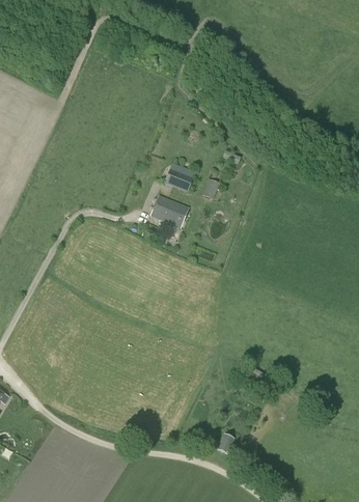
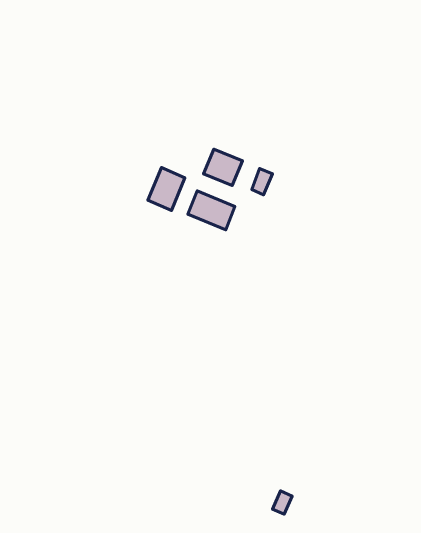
building: none -> [148,167,185,210]

